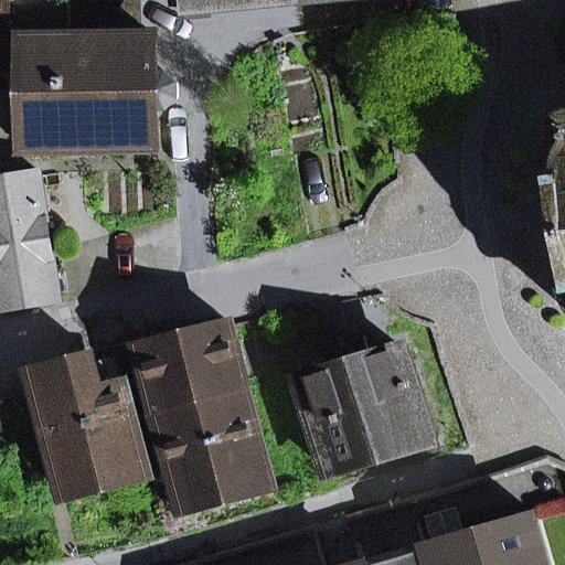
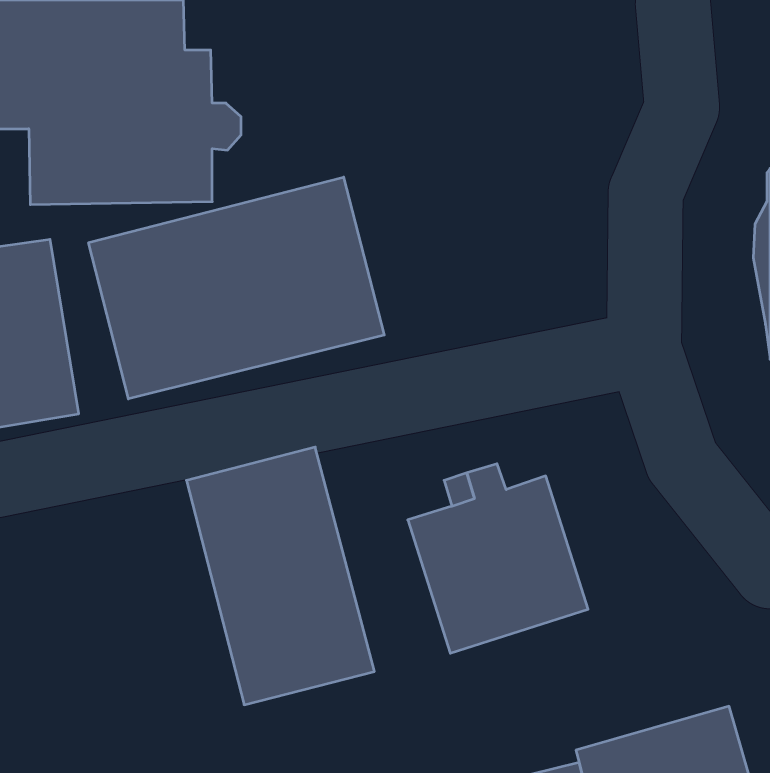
building: none -> [89,177,384,399]
building: [29,355,142,495] -> none

